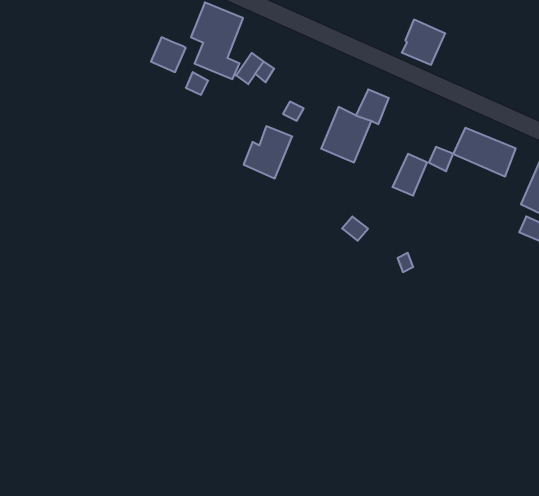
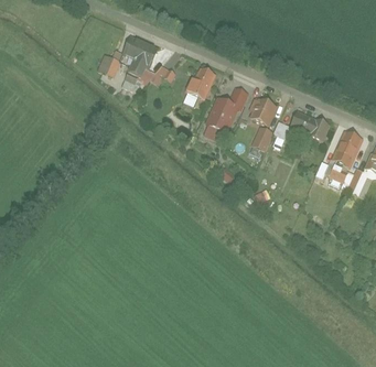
building: [402,20,445,65] -> [249,96,277,125]
building: [244,126,292,178] -> [185,66,216,99]

